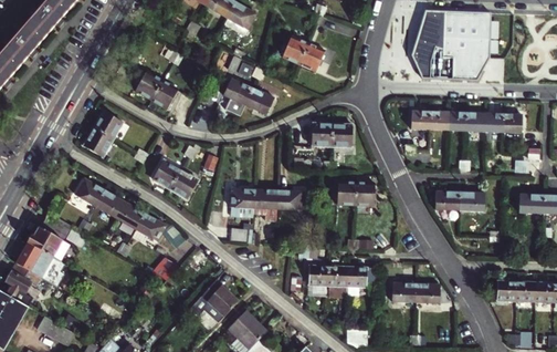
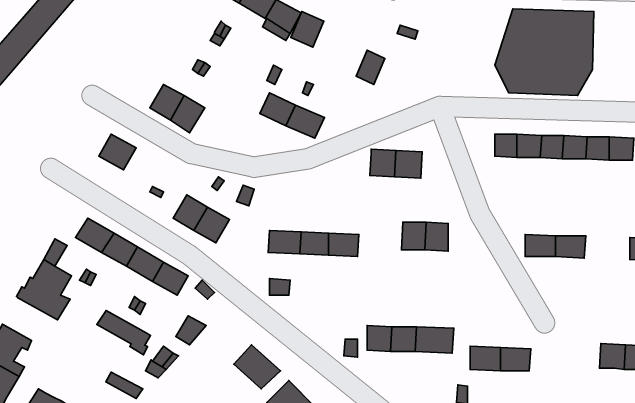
building: [282,35,308,64] -> [291,11,324,47]
building: [83,128,113,157] -> none
building: [20,242,63,278] -> [97,311,150,355]

